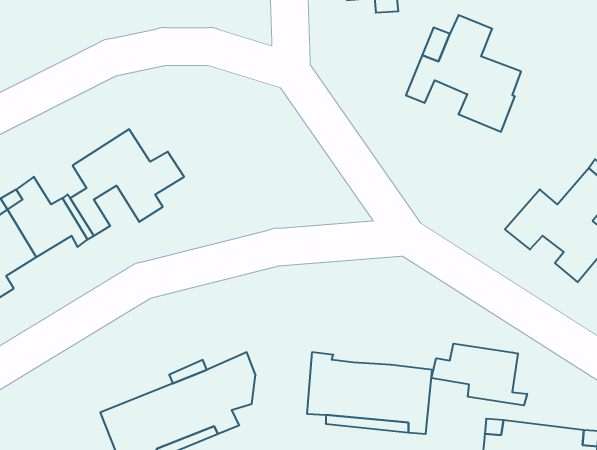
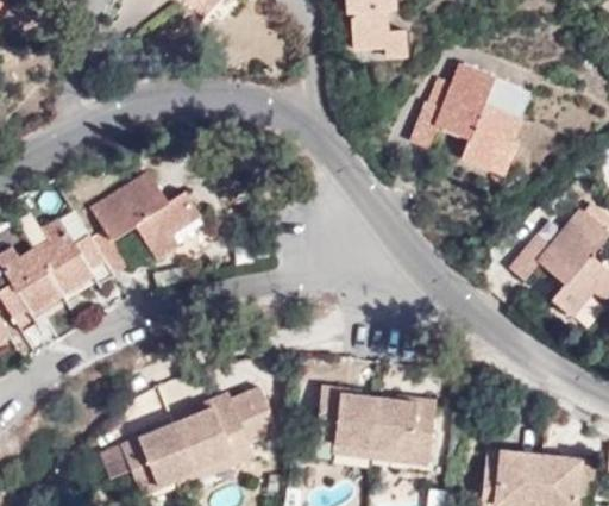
building: [431,344,527,405] -> none

